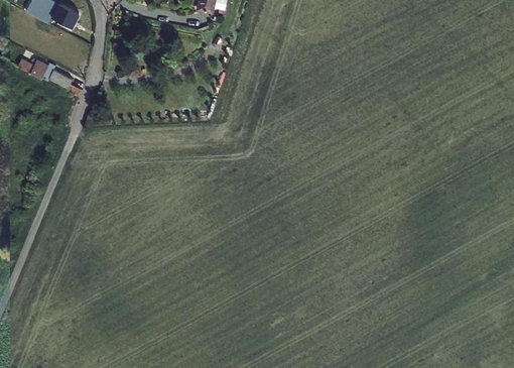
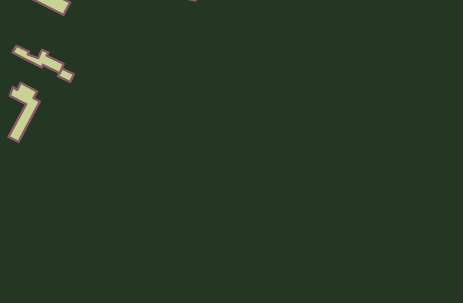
building: none -> [8,83,40,142]

